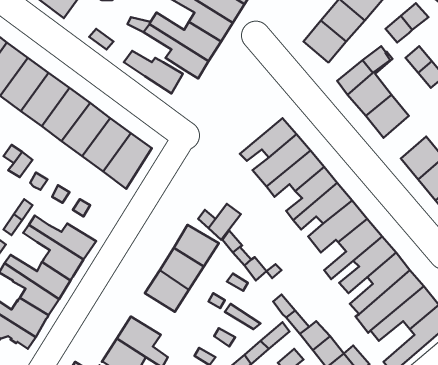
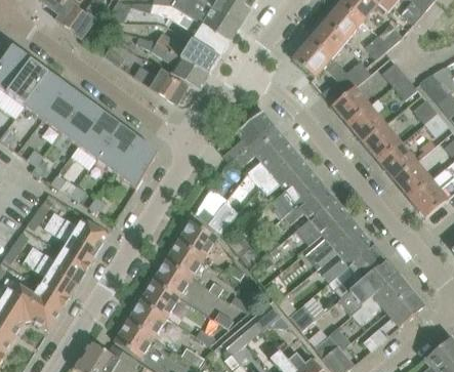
building: none -> [222,110,274,162]
building: none -> [363,123,401,161]
building: none -> [139,280,178,317]

